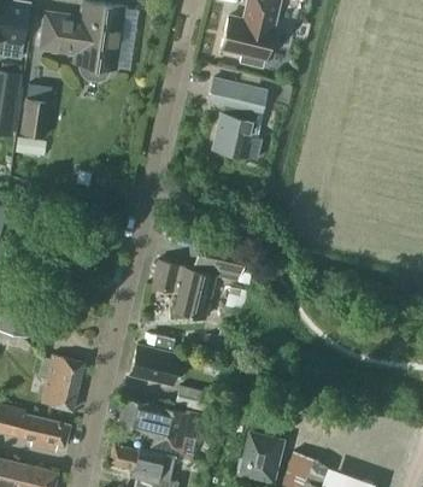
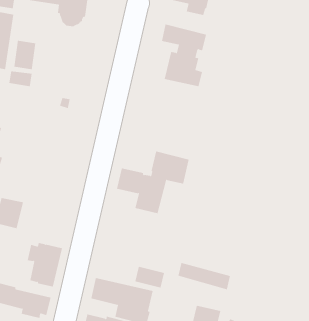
building: [130,345,187,385] -> none
building: none -> [178,262,231,290]

